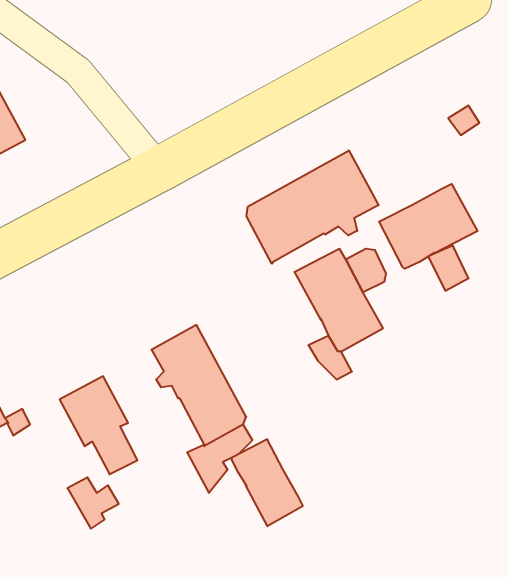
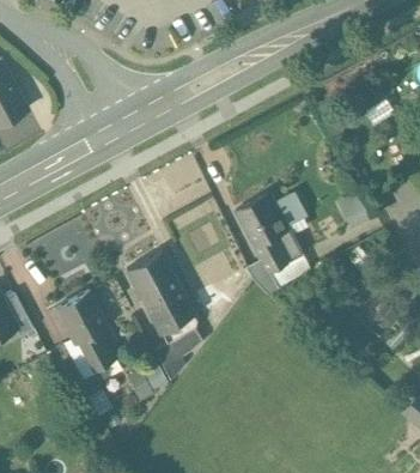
building: [246,150,379,264] -> none
building: [379,184,477,269] -> none
building: [232,439,303,526] -> none

